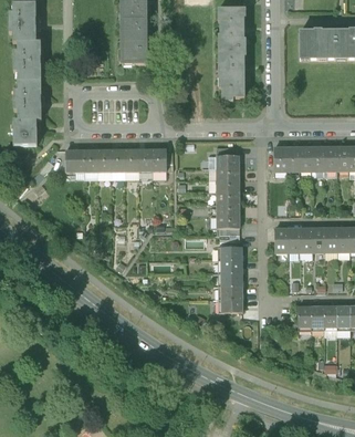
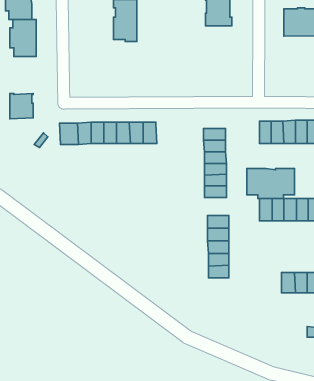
building: [218,48,246,101] -> none
building: [13,80,42,119] -> none
building: none -> [247,169,294,198]

